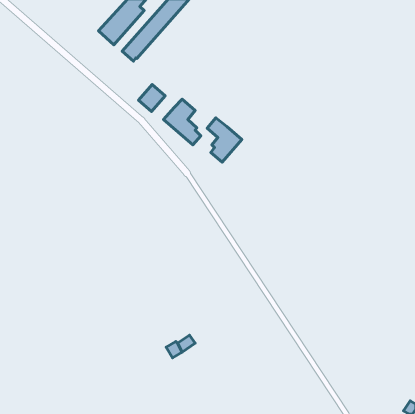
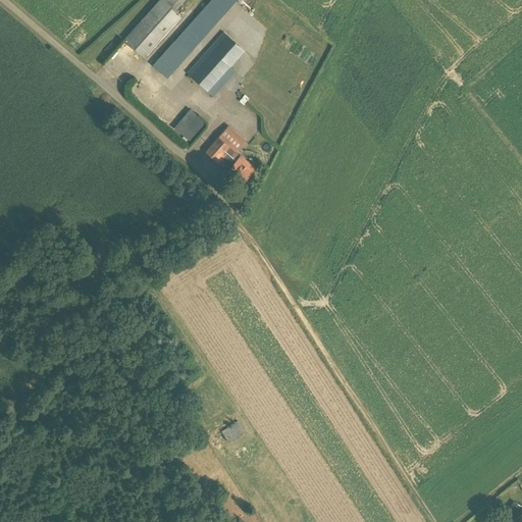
building: none -> [188,37,239,94]
building: [207,118,242,162] -> none

